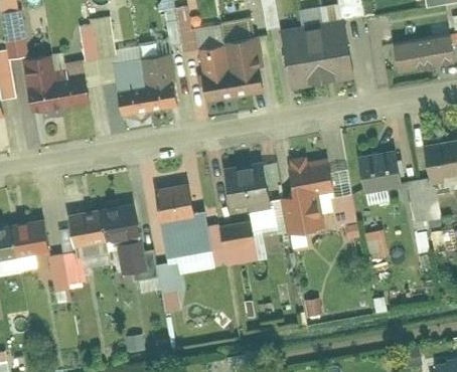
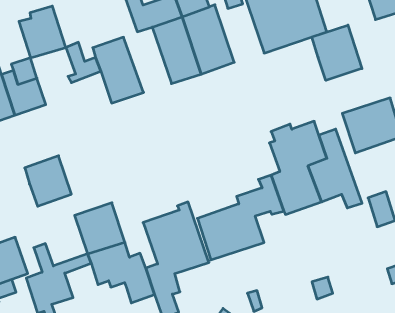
building: none -> [312,25,362,80]
building: [116,81,149,117] -> none
building: [222,164,272,213] -> none
building: [154,185,194,223] -> none
building: [67,207,106,249] -> [25,156,71,206]

